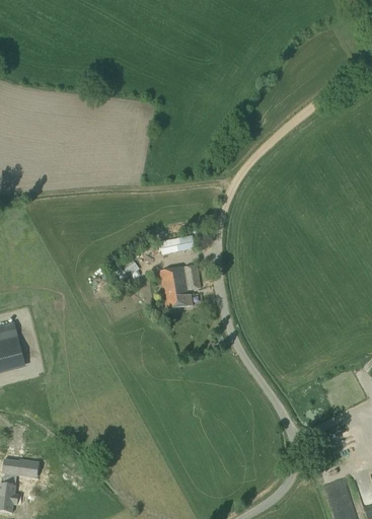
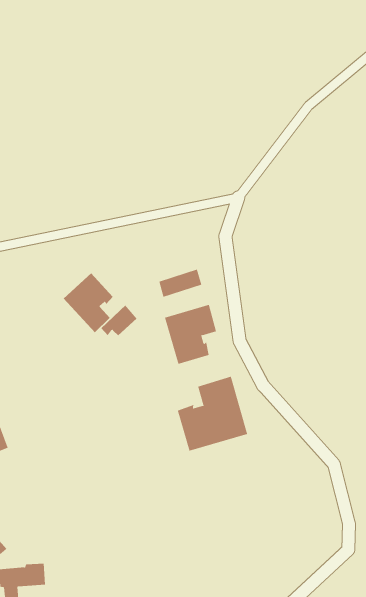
building: none -> [63,272,114,333]
building: none -> [177,376,248,451]

